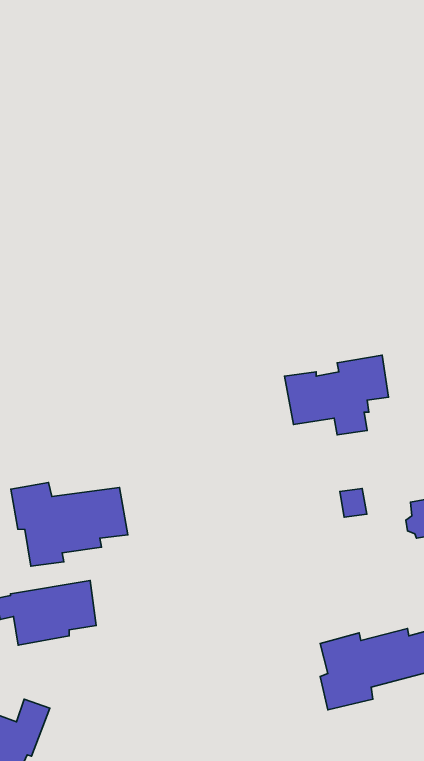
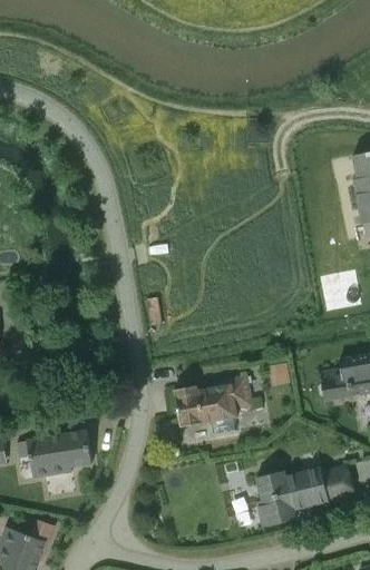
building: [285,355,388,435] -> [174,375,251,434]
building: [11,483,128,566] -> none

